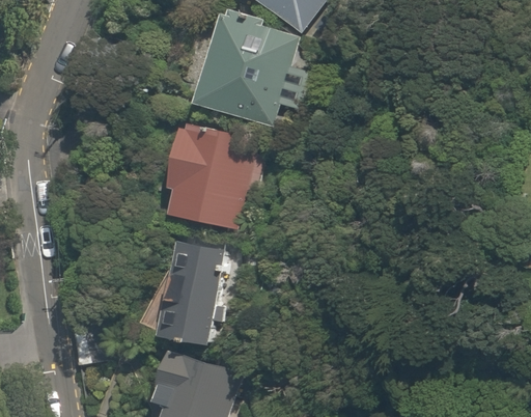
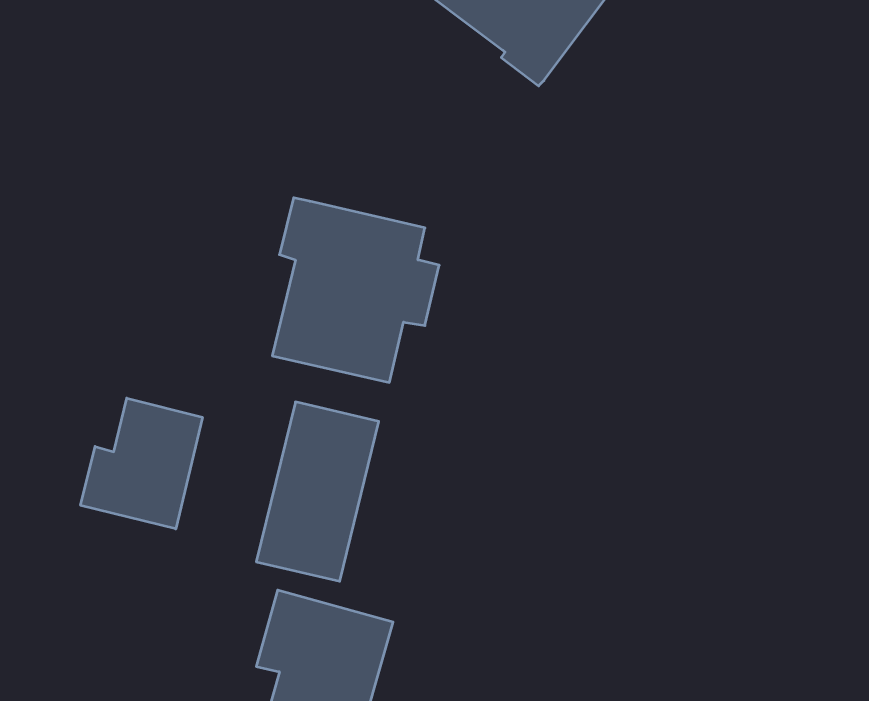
building: [191,11,297,129] -> none
building: none -> [81,398,202,529]

